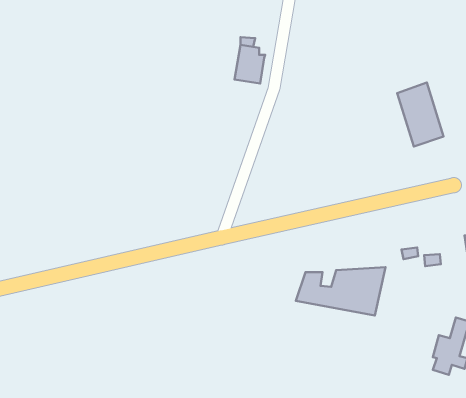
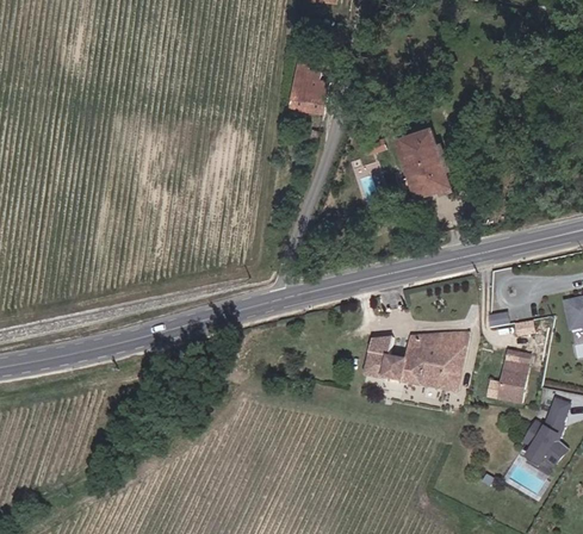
building: [397,82,444,147] -> [398,122,454,199]
building: none -> [497,355,528,405]

